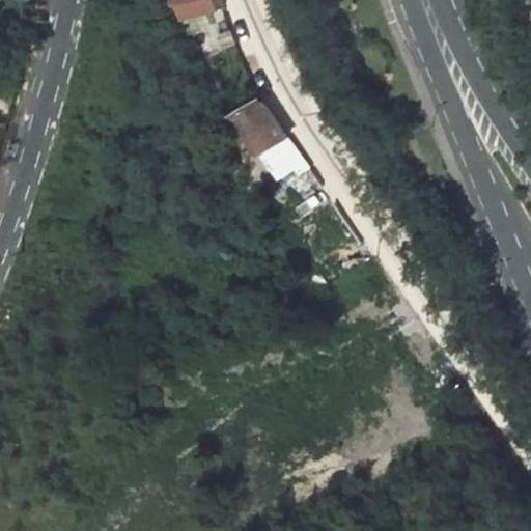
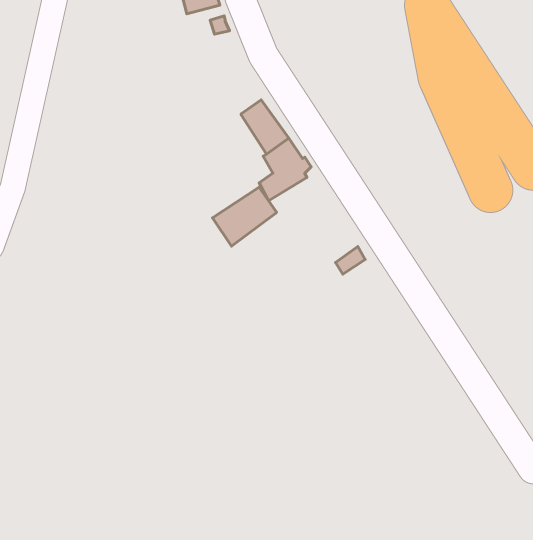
building: none -> [213,187,276,246]

